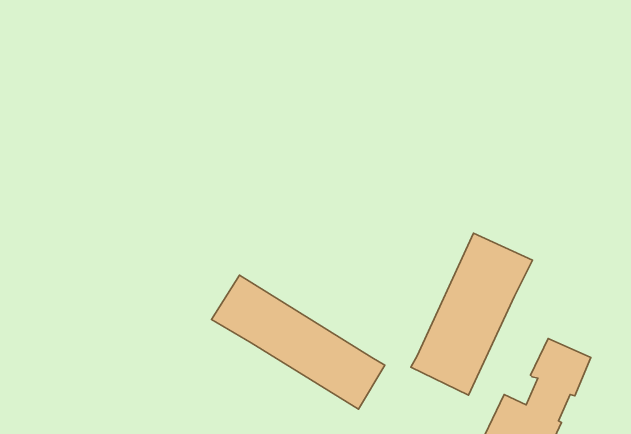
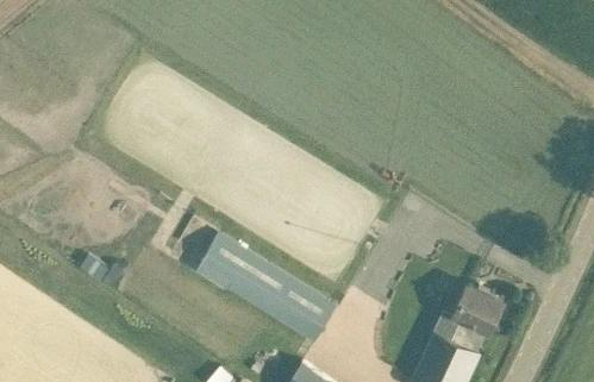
building: [411,233,532,395] -> none

